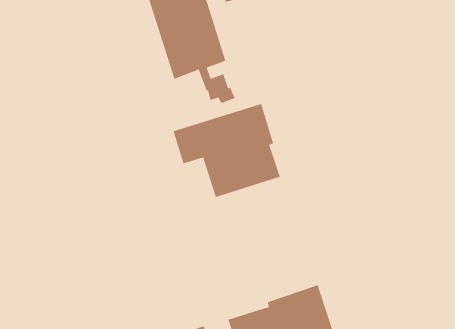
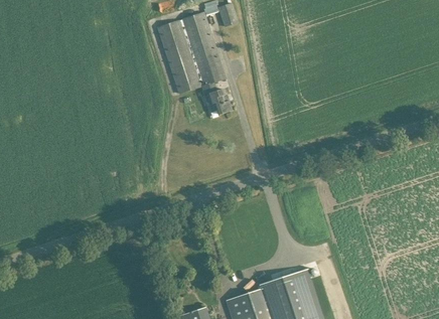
building: [173,103,281,198] -> none

